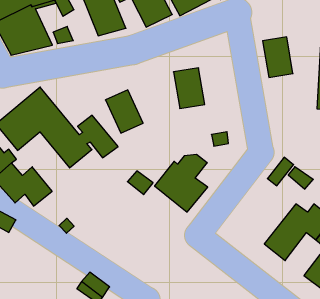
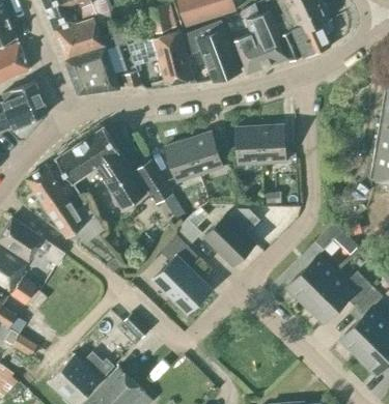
building: [263,37,293,77] -> [260,125,286,163]
building: none -> [189,132,223,174]
building: none -> [154,235,211,313]
building: none -> [287,256,340,305]

